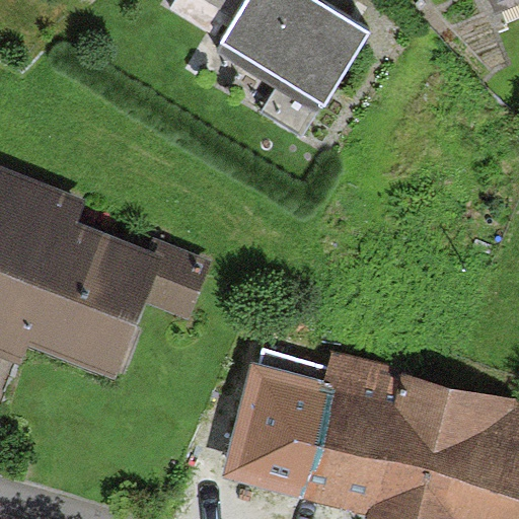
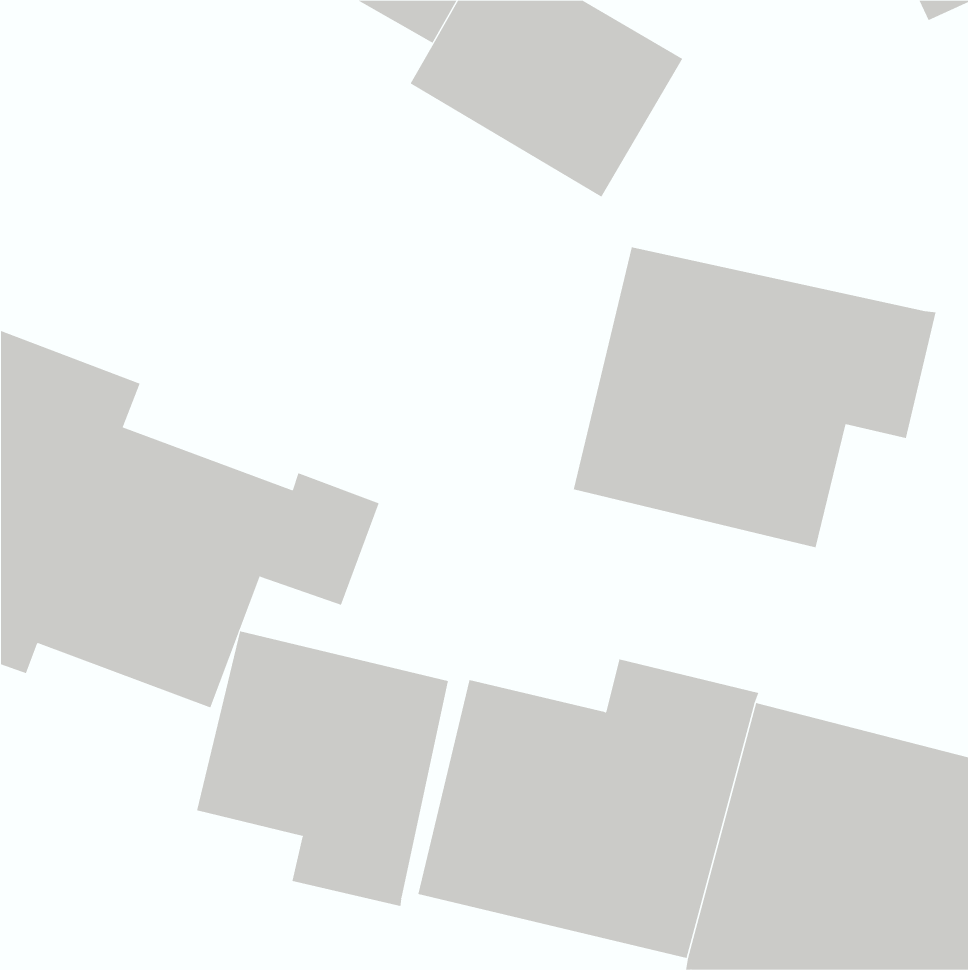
building: none -> [573,246,936,548]
building: none -> [197,630,448,907]

